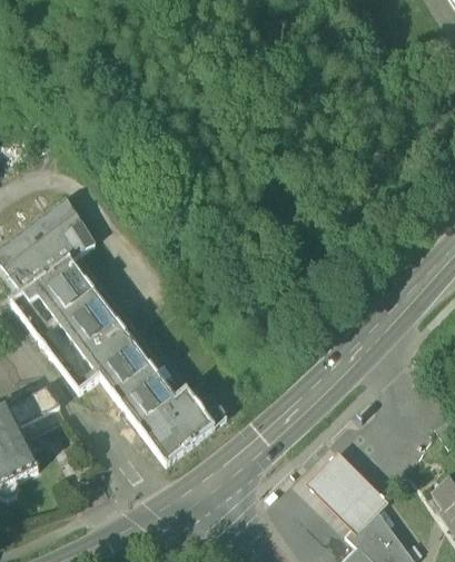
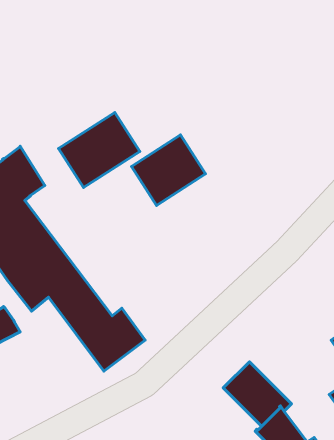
building: none -> [59,113,140,188]
building: none -> [131,135,206,205]

